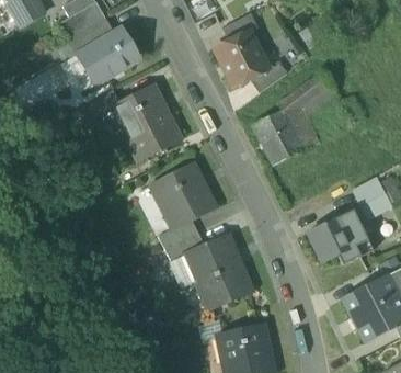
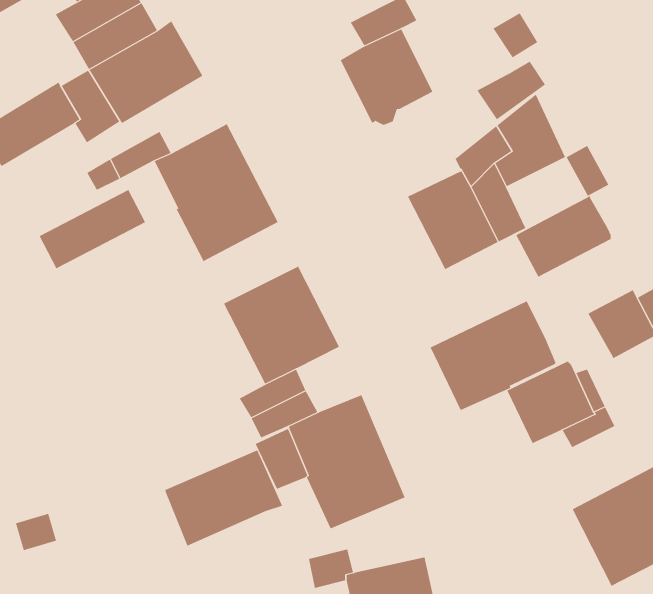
building: [249,59,287,92] -> [477,61,546,120]
building: none -> [39,189,146,269]
building: none -> [516,195,611,278]
building: none -> [430,301,556,411]
building: none -> [165,450,283,547]

